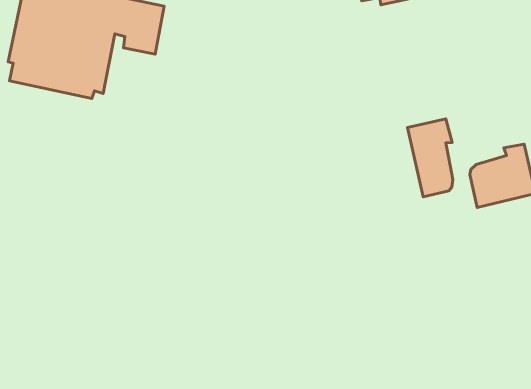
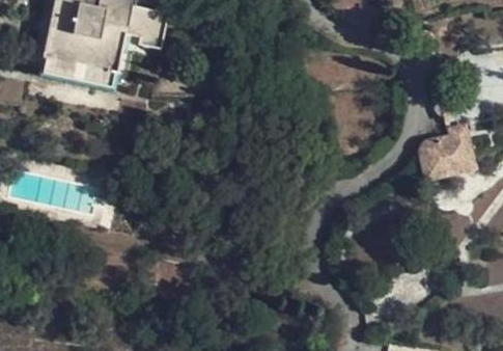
building: [408,119,453,197] -> none

